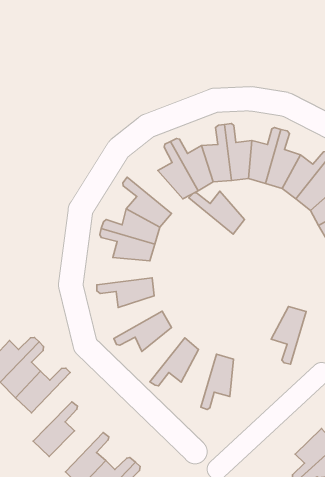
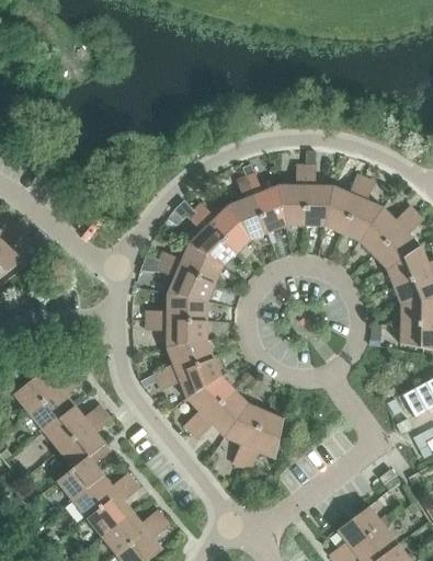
building: [189,191,245,234] -> [193,204,250,253]
building: none -> [146,293,206,320]
building: none -> [153,340,213,380]
building: [271,307,306,364] -> [224,403,265,466]
building: none -> [185,376,233,432]
building: none -> [58,411,110,467]
building: none -> [71,473,133,517]

